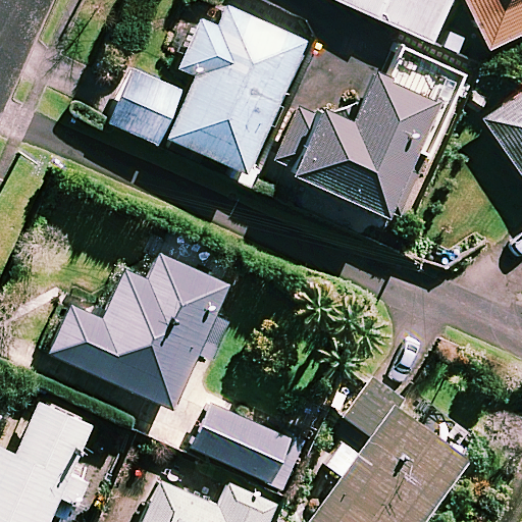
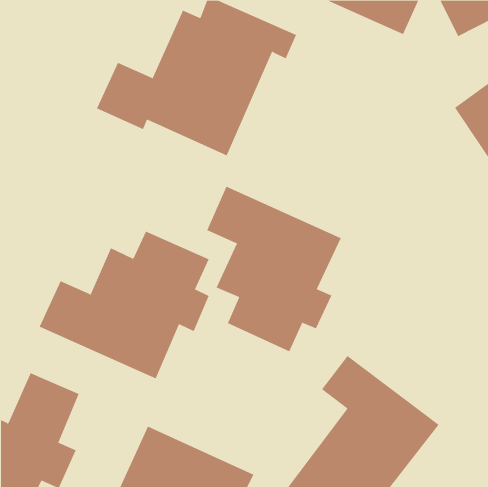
building: [277,44,461,217] -> none
building: none -> [207,186,342,352]
building: [188,402,291,484] -> none

